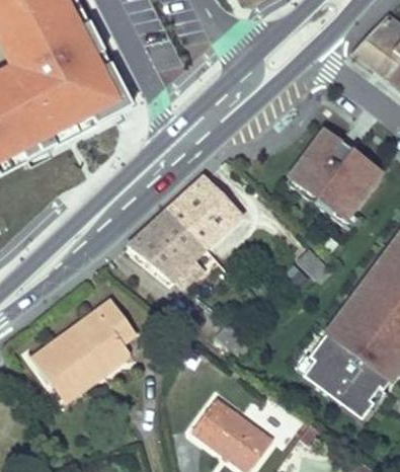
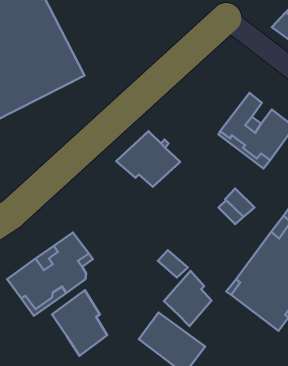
building: [130,212,209,279] -> none
building: none -> [164,271,211,326]
building: none -> [52,290,107,356]

